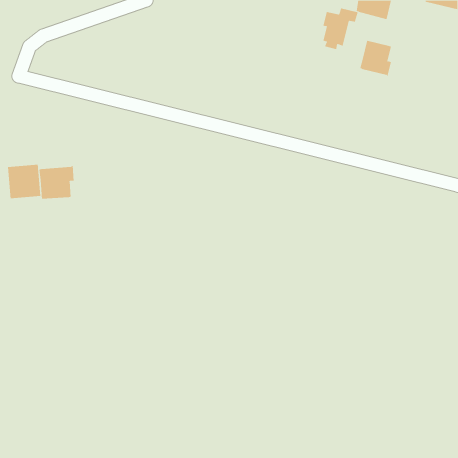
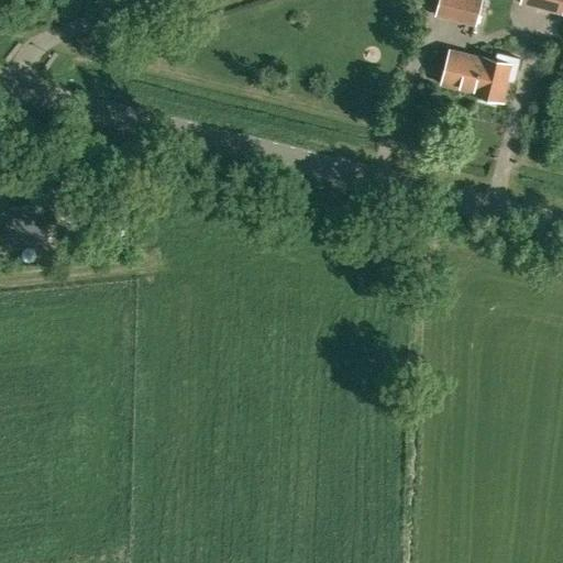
building: [322,8,358,50] -> [476,53,520,104]
building: [39,165,74,200] -> none

